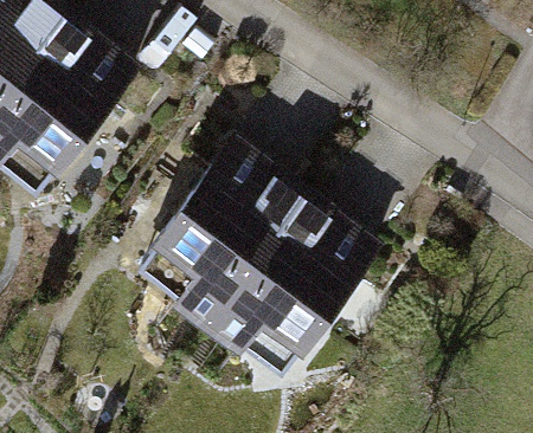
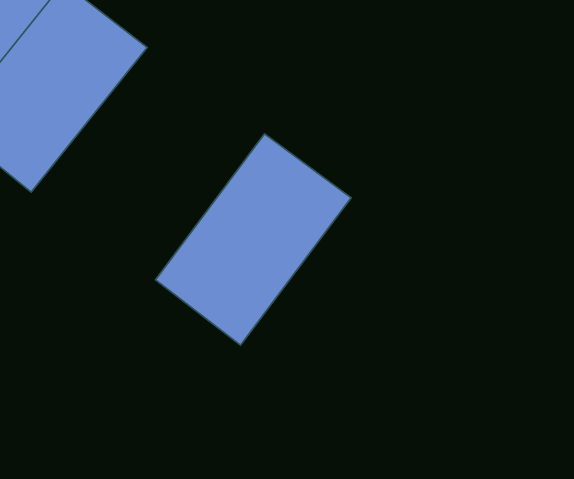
building: [207,192,371,368] -> none

